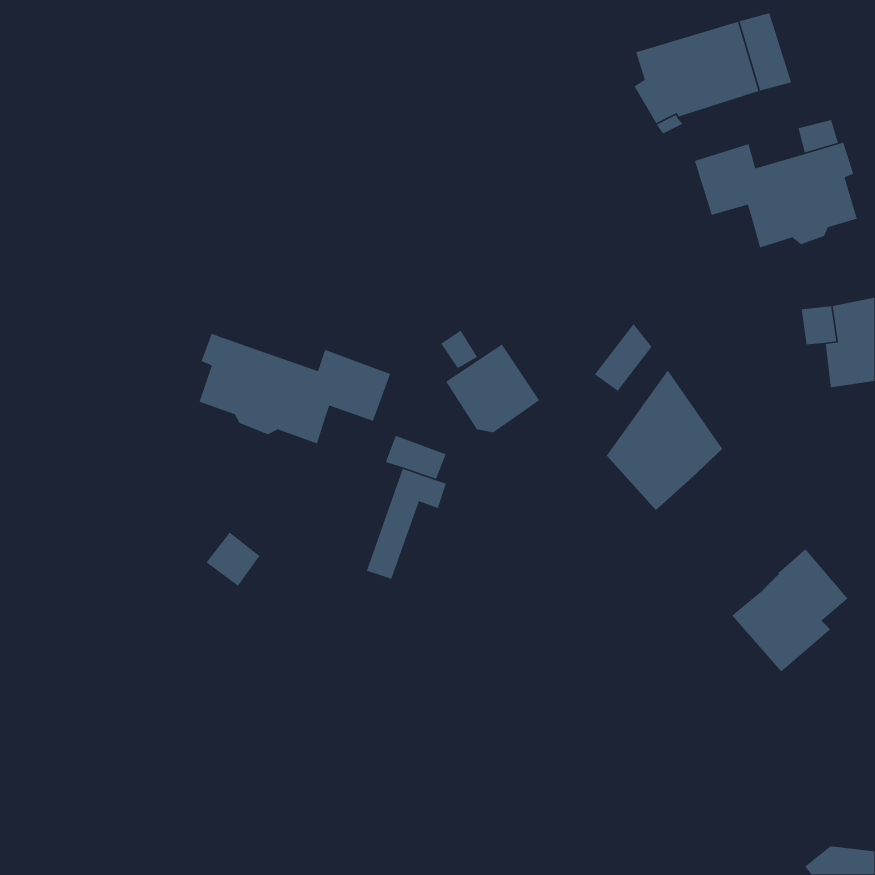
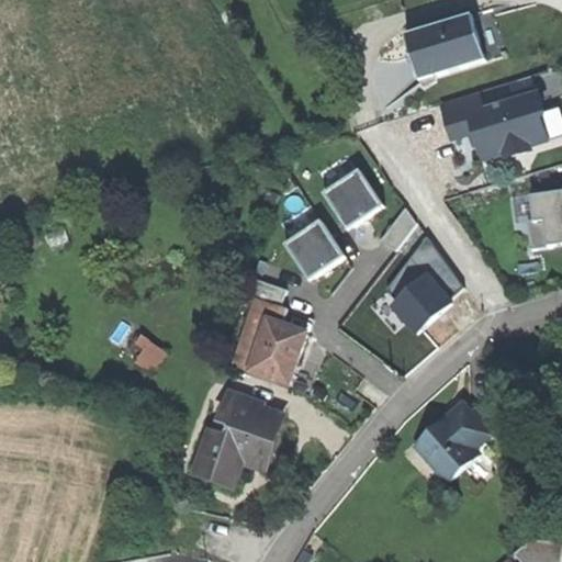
building: none -> [322,168,382,225]
building: [199,333,391,445] -> none
building: none -> [249,319,303,381]
building: [731,548,848,673] -> [415,402,490,481]
building: none -> [193,395,280,487]

